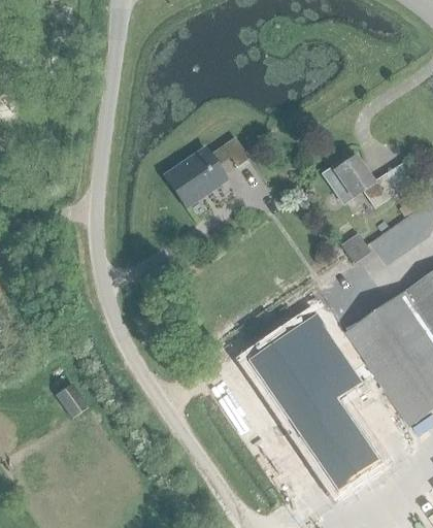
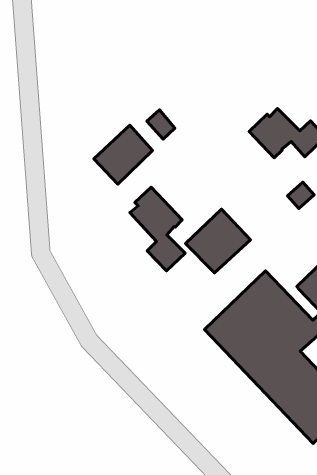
building: none -> [130,187,185,271]
building: none -> [186,209,250,273]
building: [55,384,88,418] -> none

